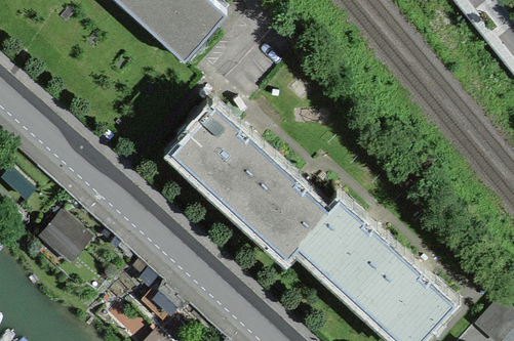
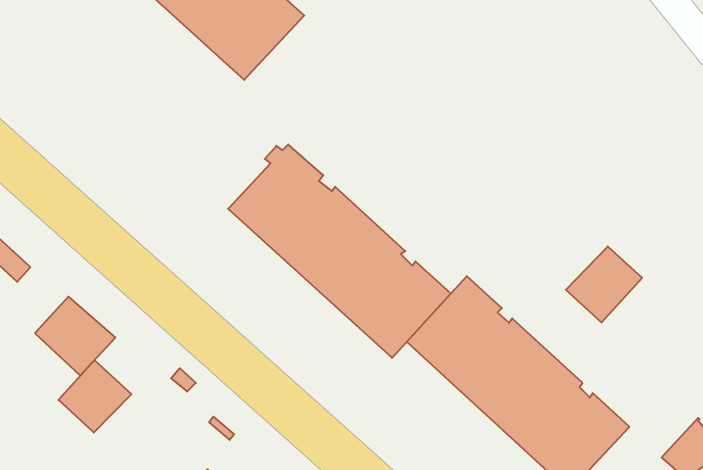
building: none -> [566,246,642,323]
building: none -> [58,360,131,433]

